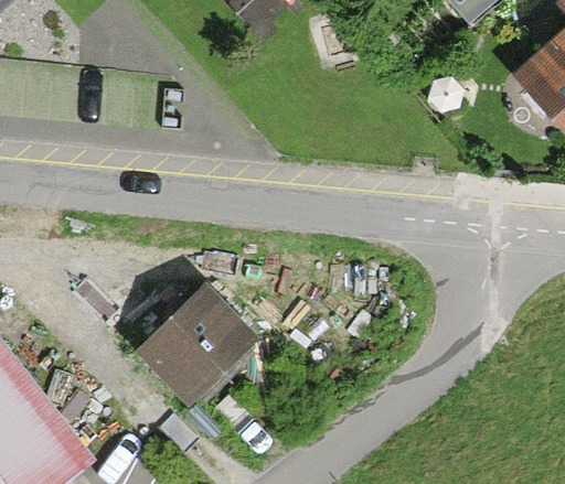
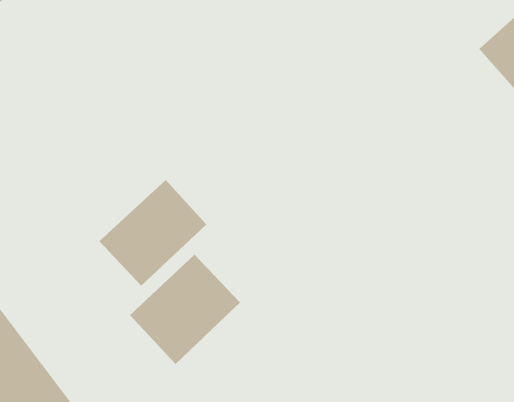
building: none -> [99,179,207,287]

